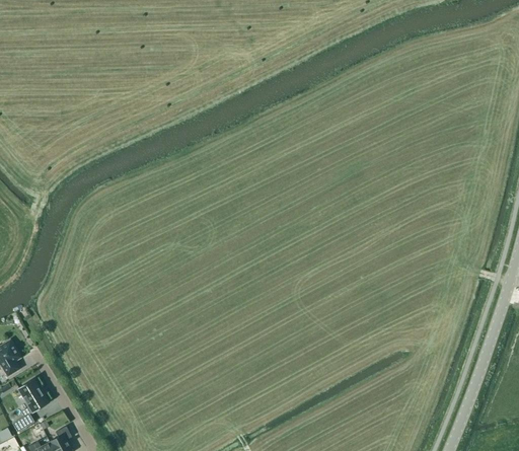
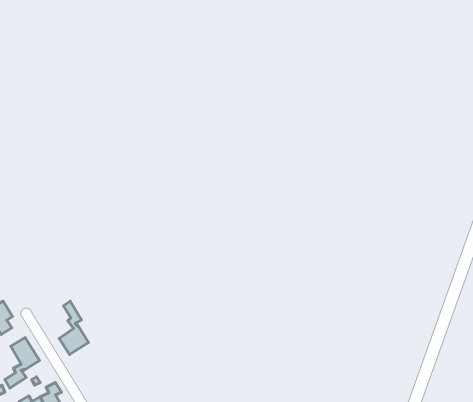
building: none -> [59,301,88,354]

